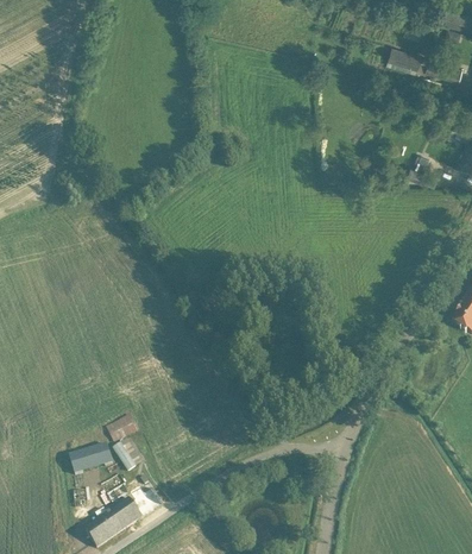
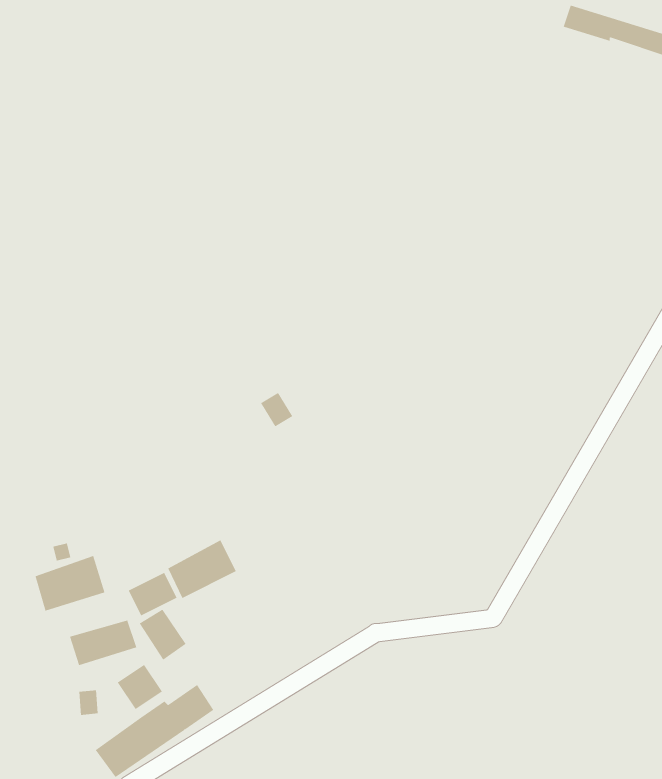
building: none -> [168,540,236,599]
building: none -> [35,555,105,612]

